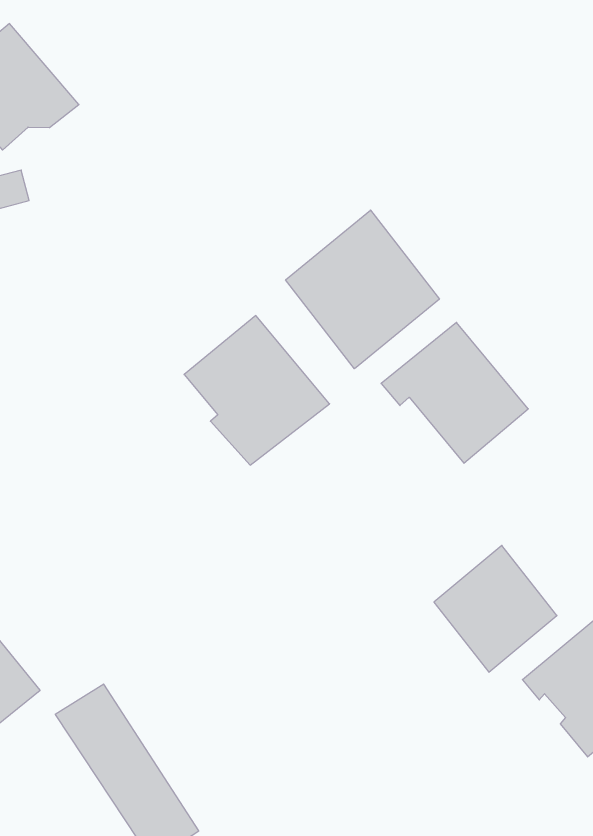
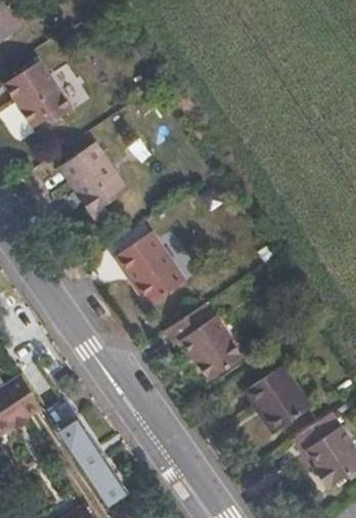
building: none -> [62,140,134,214]
building: [286,210,439,369] -> none
building: [381,322,528,463] -> [165,303,241,378]

